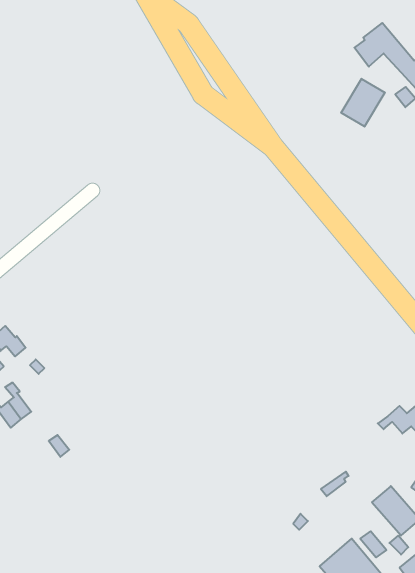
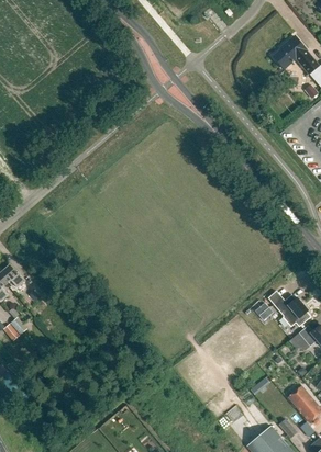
building: [341,79,385,127] -> none
building: none -> [274,294,310,327]

